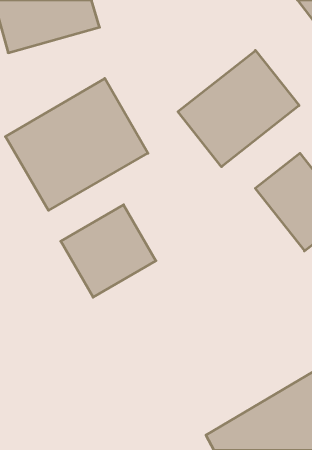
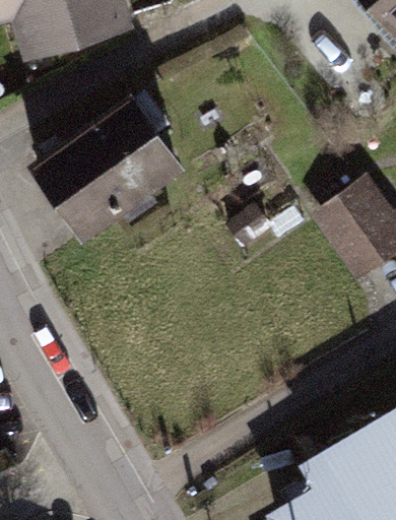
building: [178,50,299,167] -> none
building: [61,205,156,297] -> none

